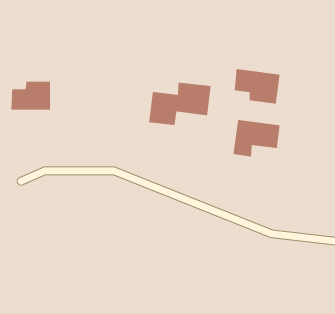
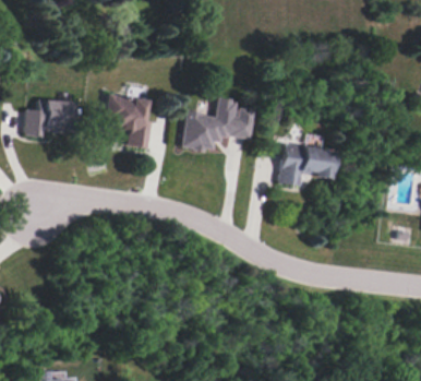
building: [234,68,280,104] -> none
building: none -> [105,94,153,148]

